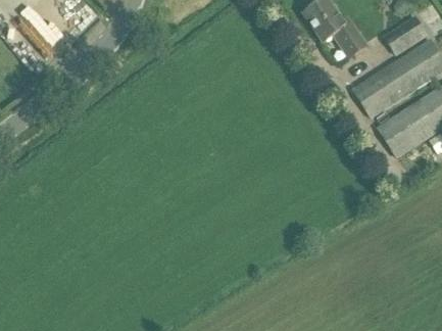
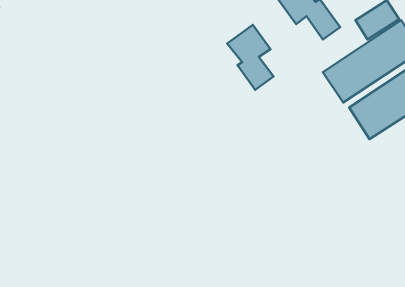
building: none -> [227,25,273,90]

